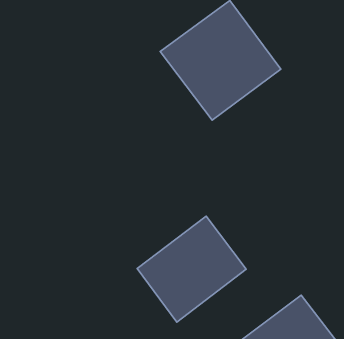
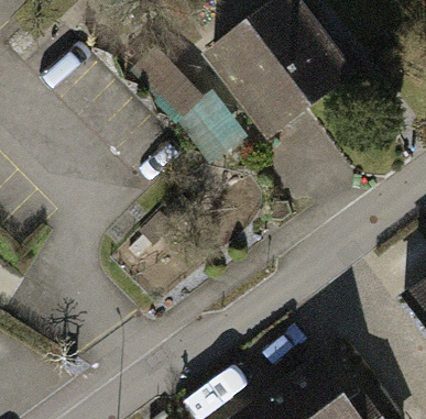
building: [137,216,246,322] -> none

